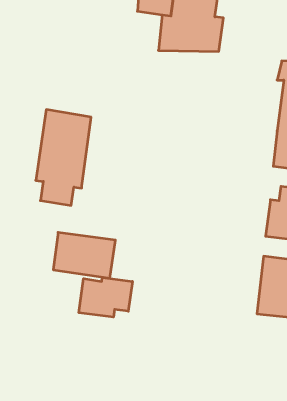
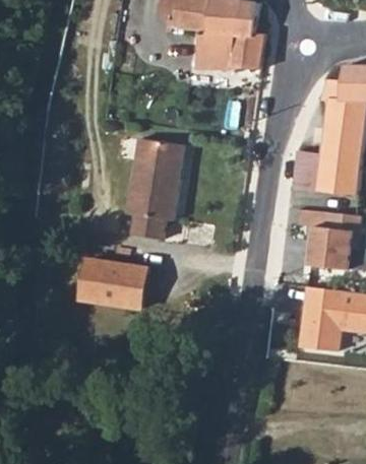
building: [36,110,91,205] -> [124,138,183,240]
building: none -> [293,151,319,190]
building: [79,277,132,317] -> none

